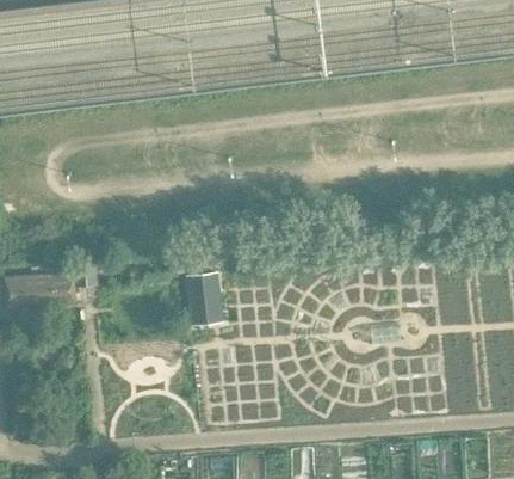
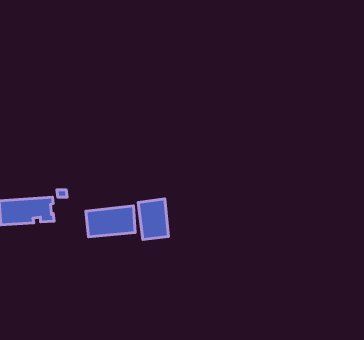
building: none -> [86,206,135,237]

